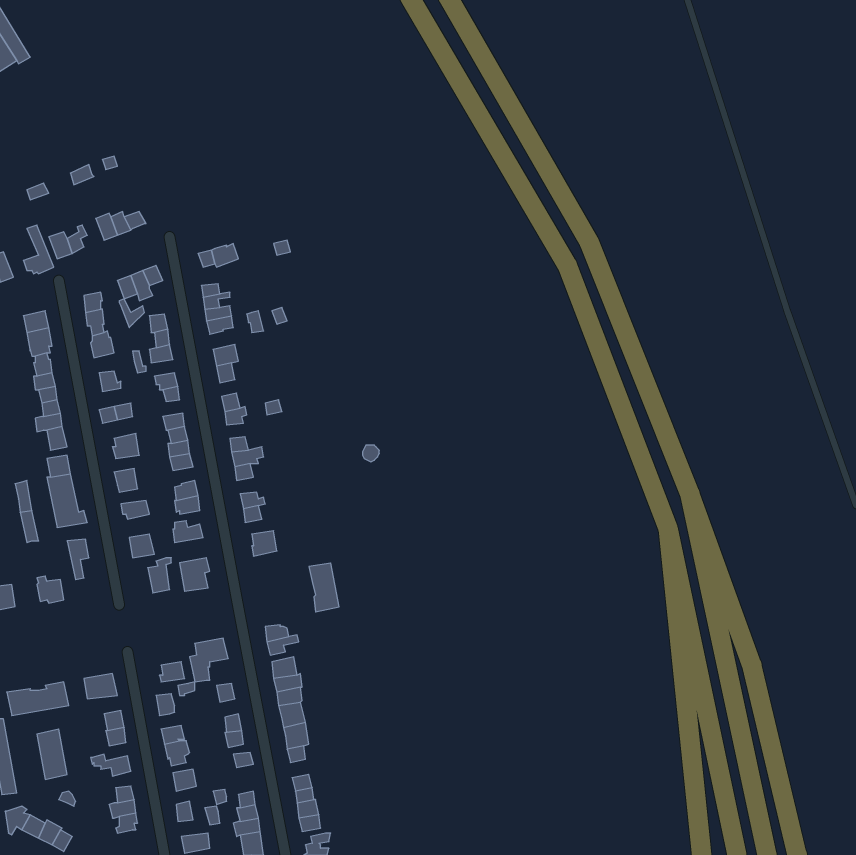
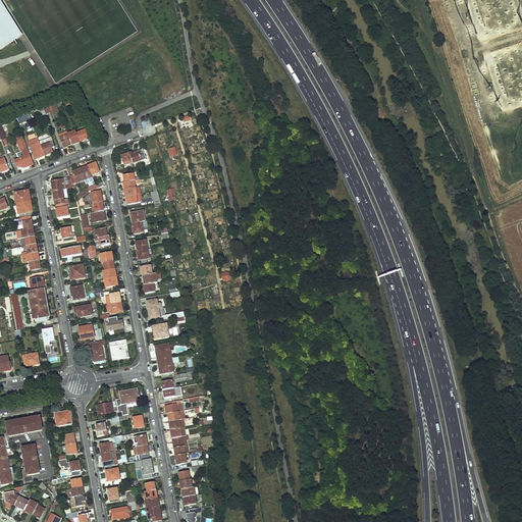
building: [309,563,339,612] -> [155,343,173,372]

